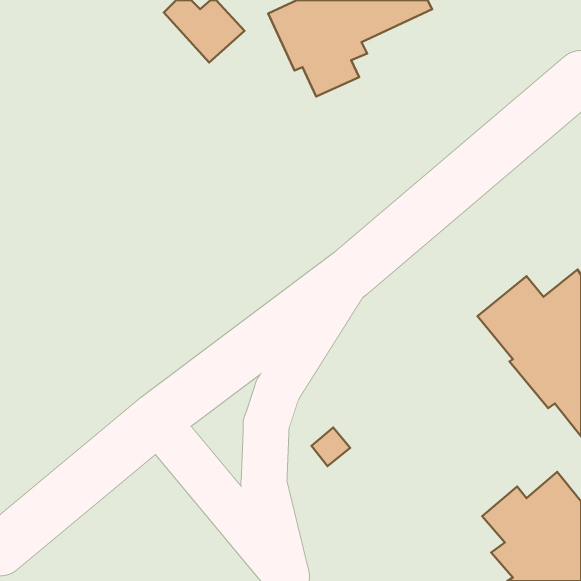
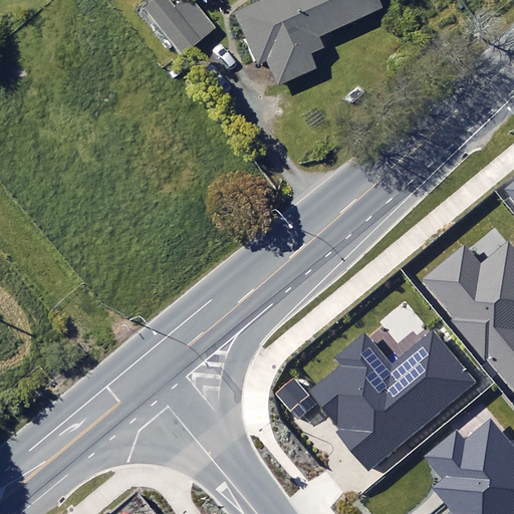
building: none -> [310,330,477,472]

